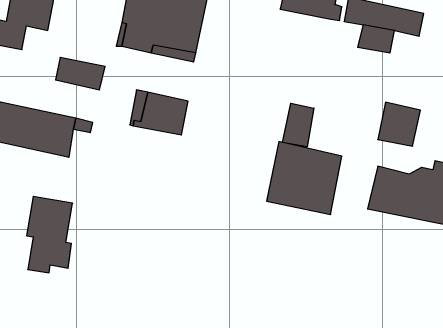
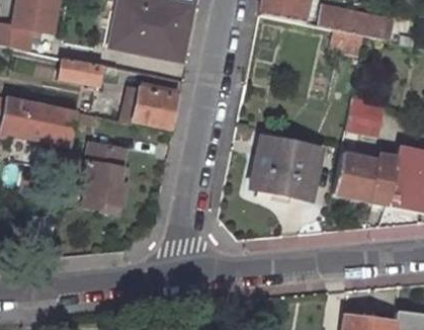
building: [282,103,314,147] -> none
building: [27,196,73,273] -> [83,143,124,212]

